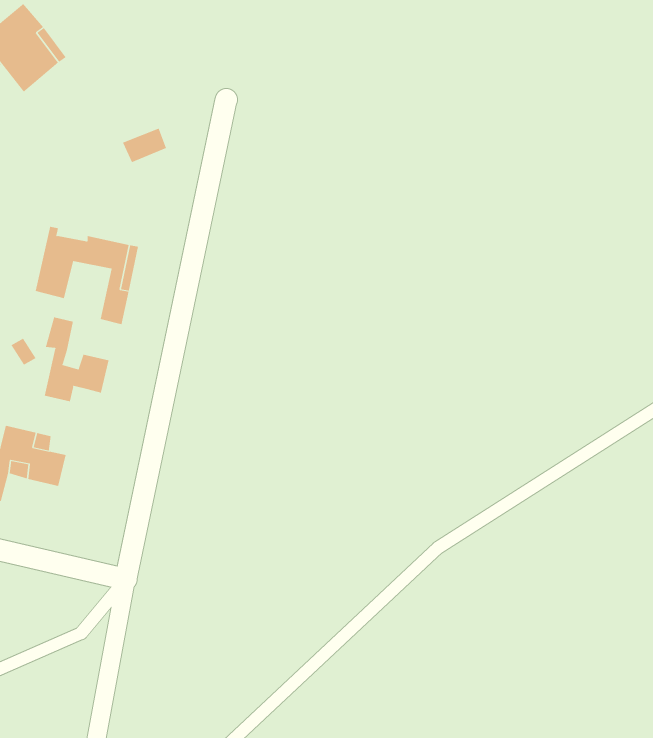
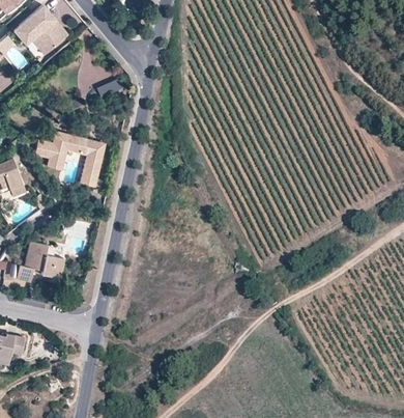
building: [44,316,109,402] -> none

